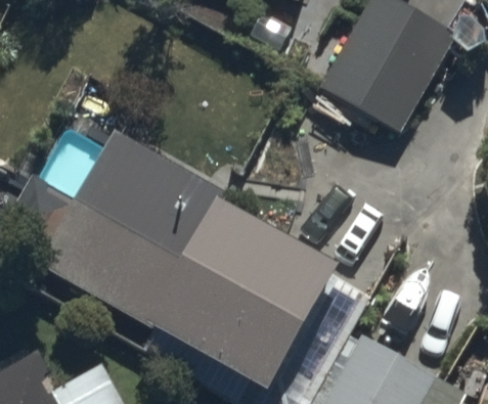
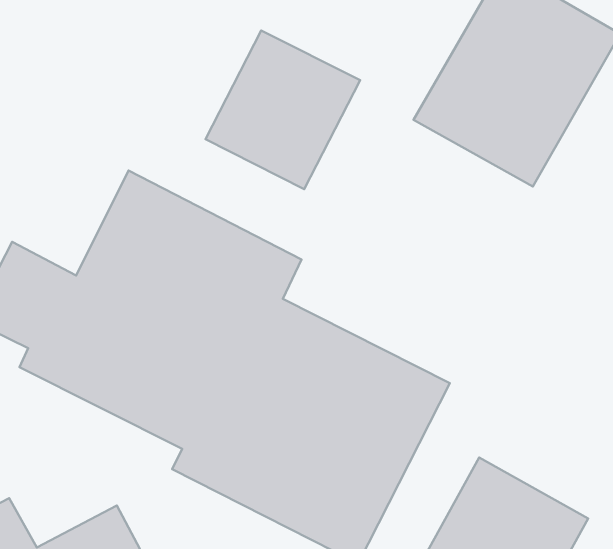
building: none -> [206,30,360,189]

